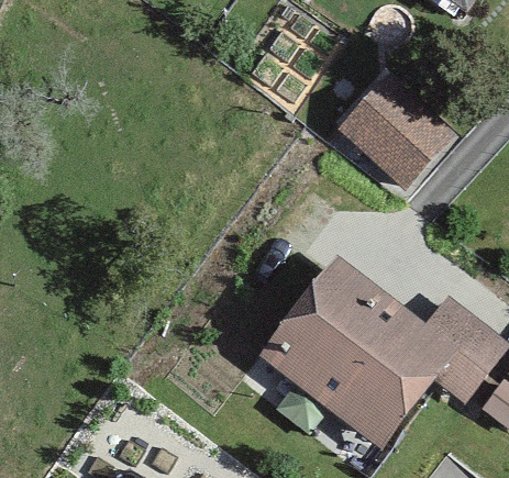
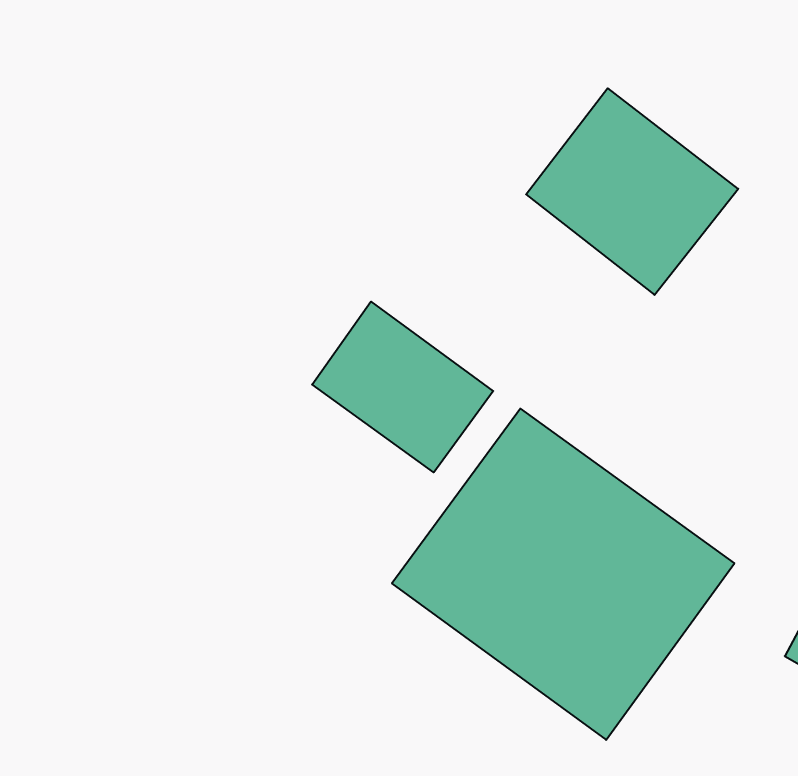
building: none -> [312,302,493,472]

